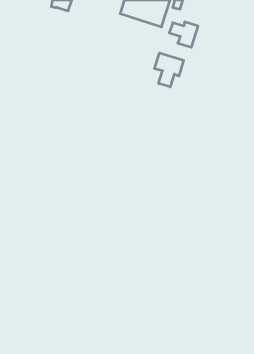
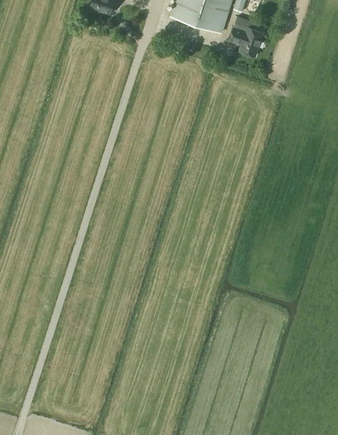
building: [155,53,184,87] -> none

